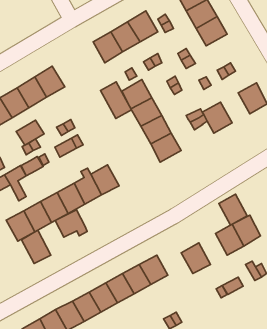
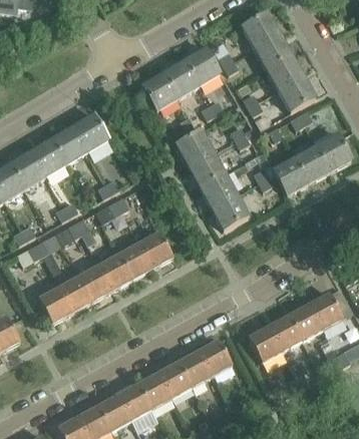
building: none -> [278,75,315,110]
building: [101,82,132,118] -> none
building: none -> [295,145,330,181]
building: [16,120,44,145] -> none
building: [219,194,247,225] -> [269,314,303,351]
building: [55,210,87,237] -> none
building: [21,230,51,263] -> none

